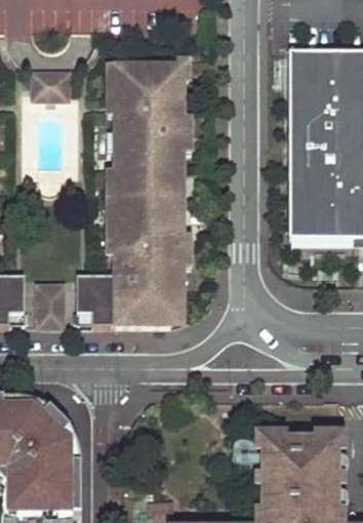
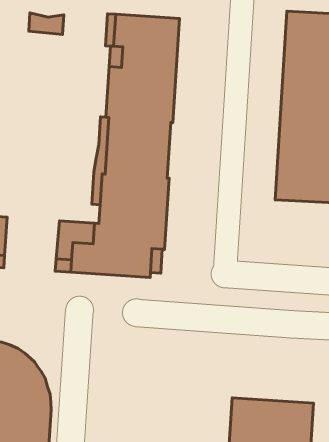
building: [36,284,65,324] -> none

